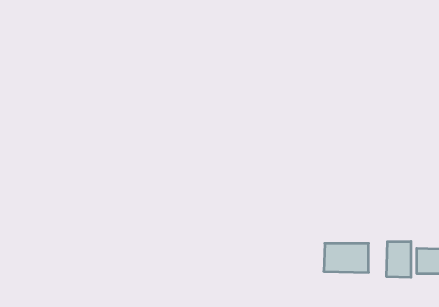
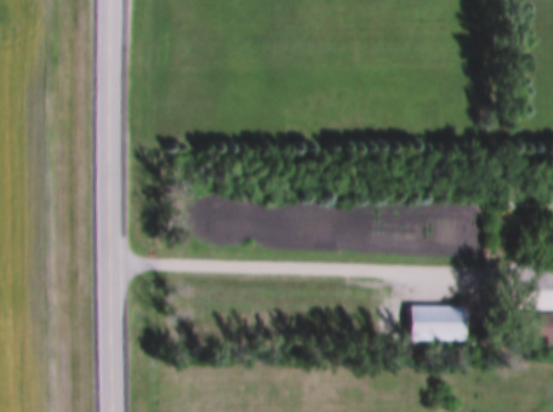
building: [387,241,411,277] -> none

